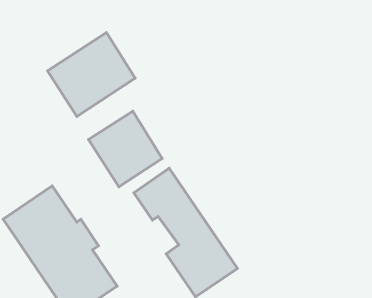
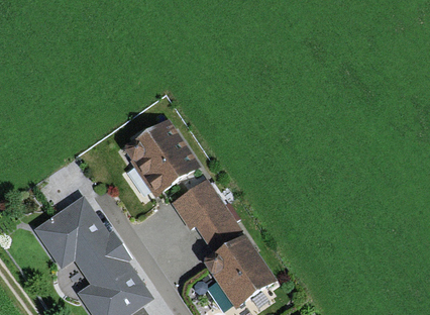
building: [47,33,135,117] -> none

